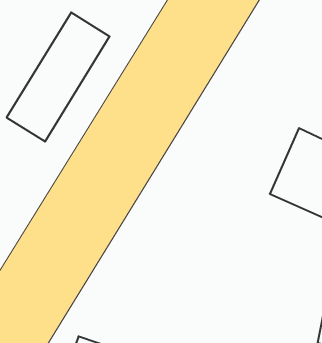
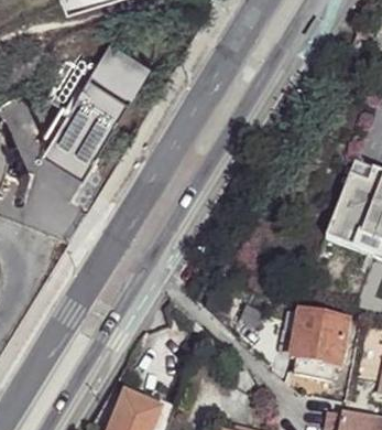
building: none -> [276,305,350,379]

